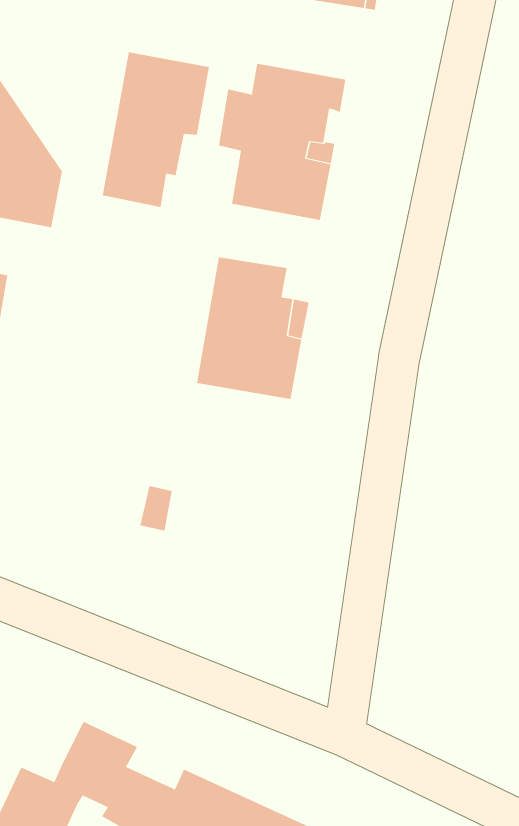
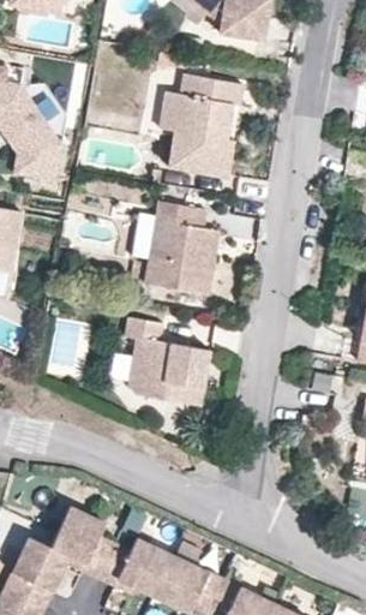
building: [102,52,209,208] -> none
building: none -> [124,318,210,405]

